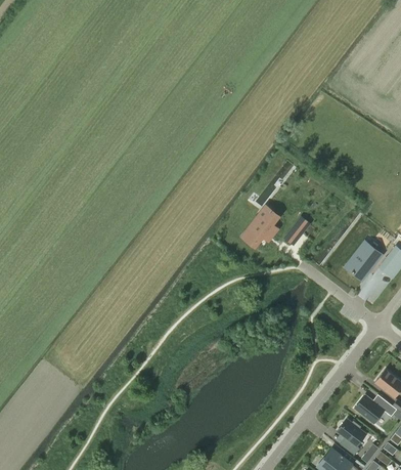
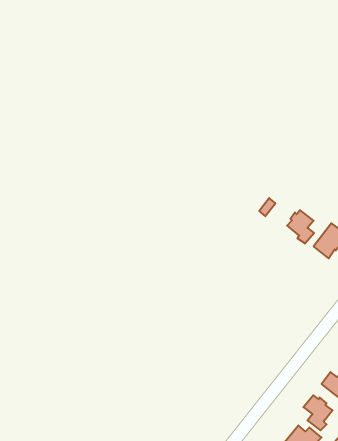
building: [243,207,278,244] -> none
building: none -> [287,210,314,244]

